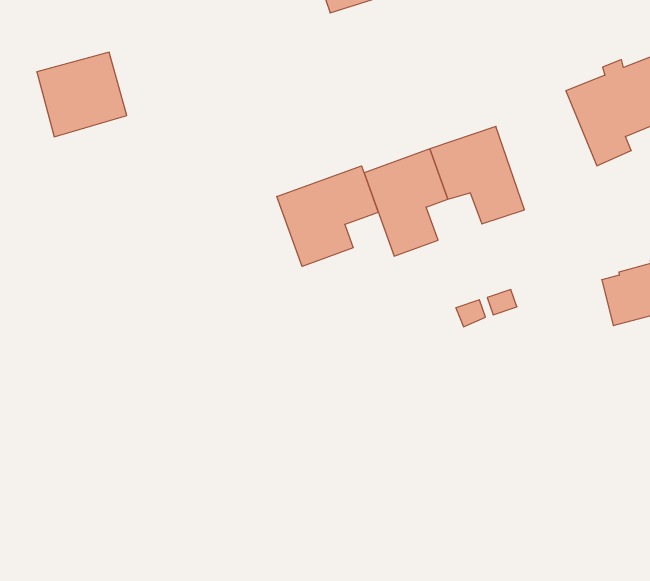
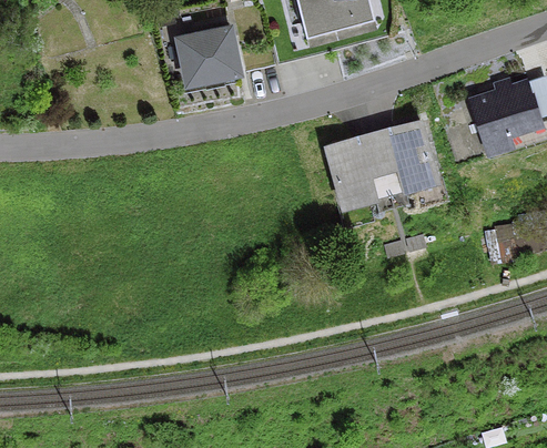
building: [37,52,127,137] -> [178,28,237,83]
building: [277,166,378,266] -> none

